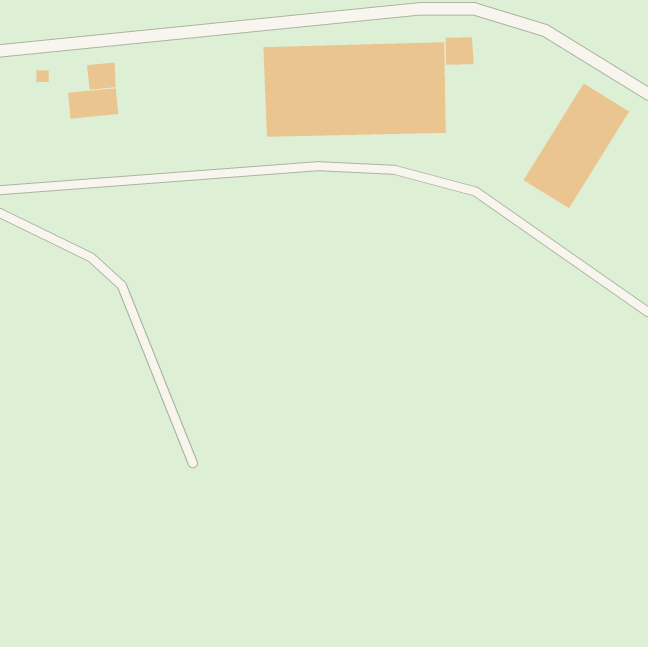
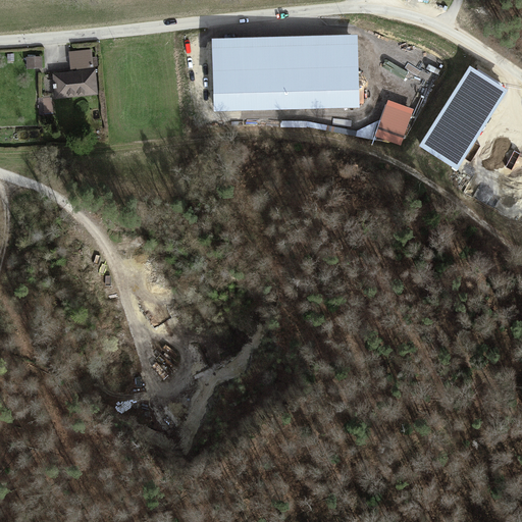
building: [445,37,474,66] -> none
building: none -> [376,100,412,143]

